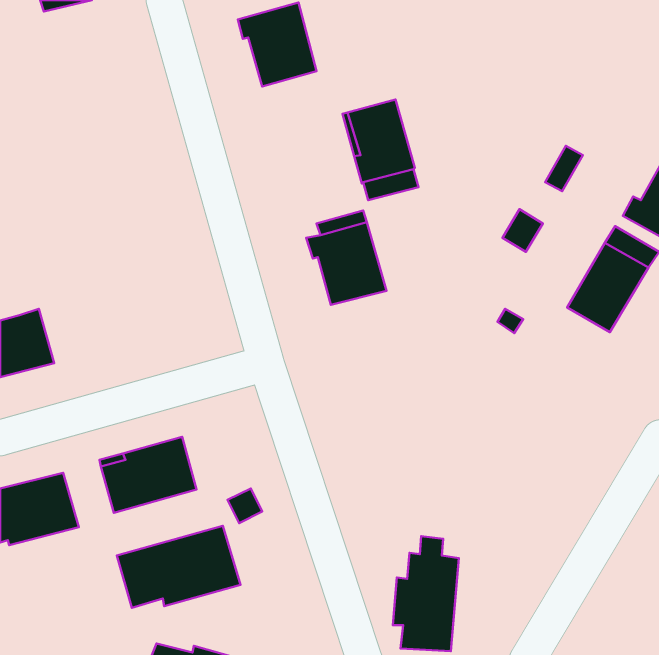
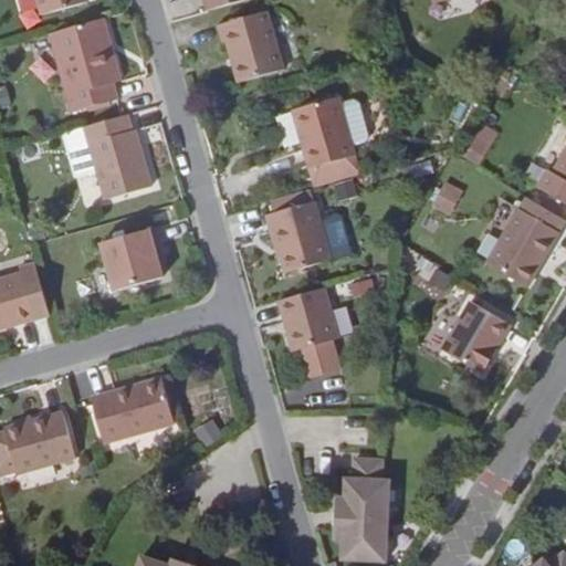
building: none -> [49,20,120,112]
building: none -> [65,120,147,203]
building: none -> [96,228,158,293]
building: none -> [280,286,340,377]
building: none -> [440,301,507,371]
building: [117,526,240,608] -> none

